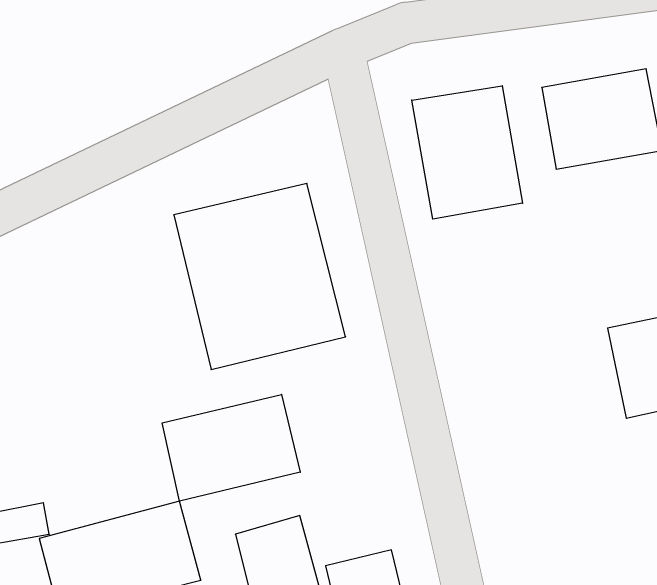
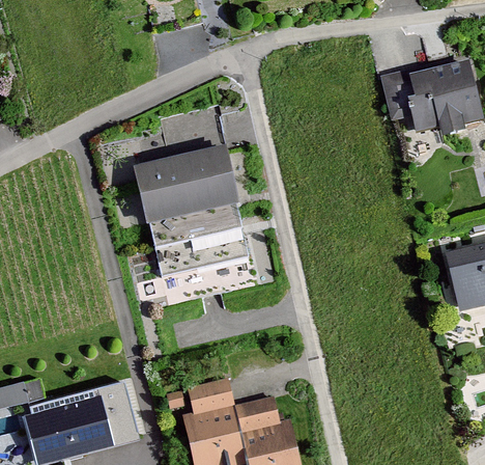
building: [412,86,523,219] -> none
building: [162,394,300,501] -> none

